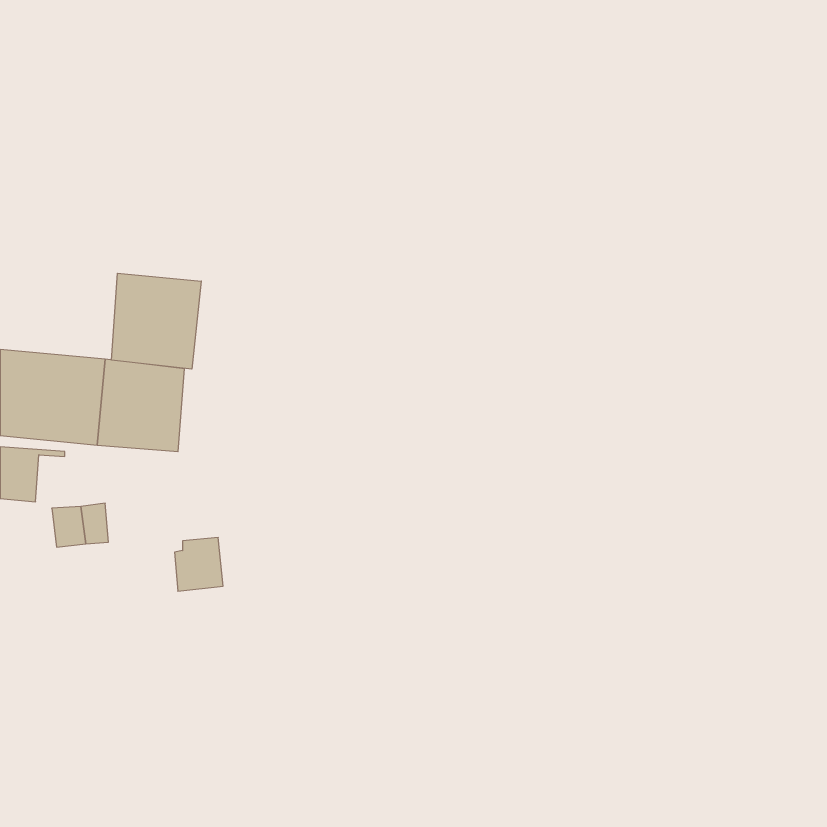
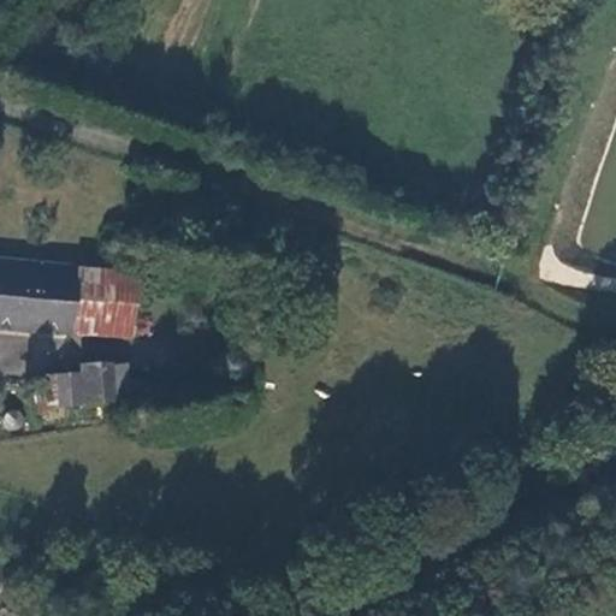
building: [112,273,201,369] -> none
building: [175,538,223,591] -> [78,363,114,403]

